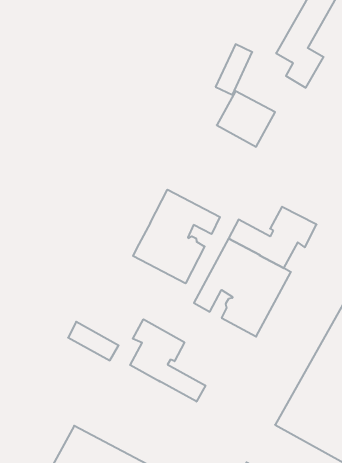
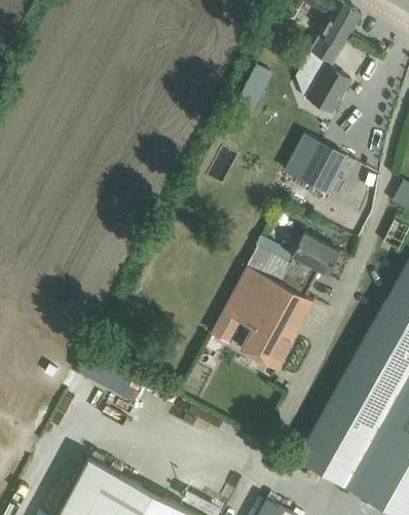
building: [217,91,275,147] -> [286,136,346,193]
building: [133,190,220,283] -> none
building: [130,319,205,402] -> none

